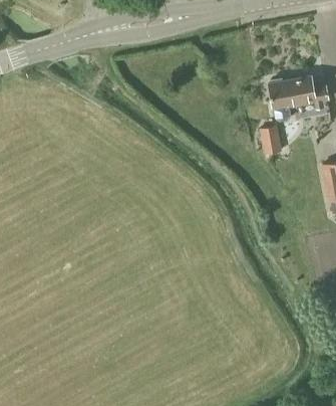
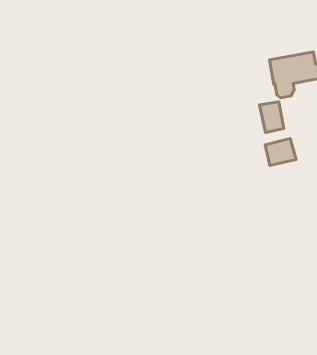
building: none -> [265,138,296,165]

